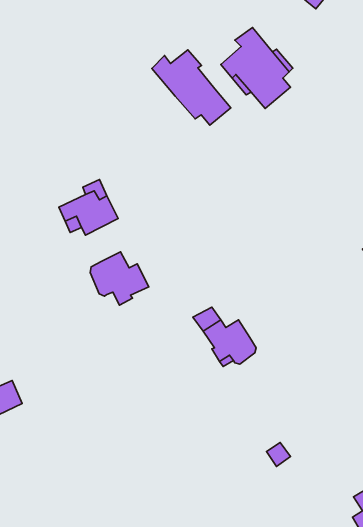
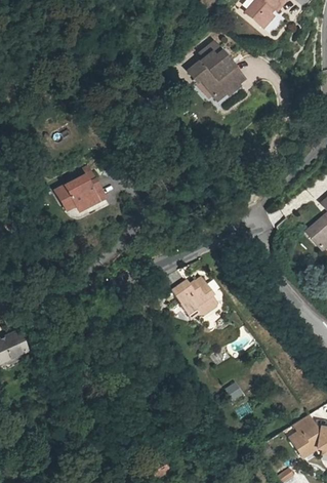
building: [152,50,231,125] -> none
building: [90,252,149,305] -> none

